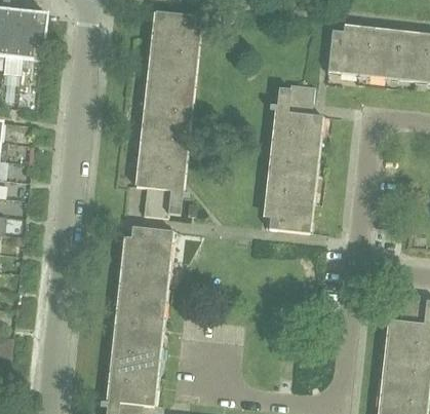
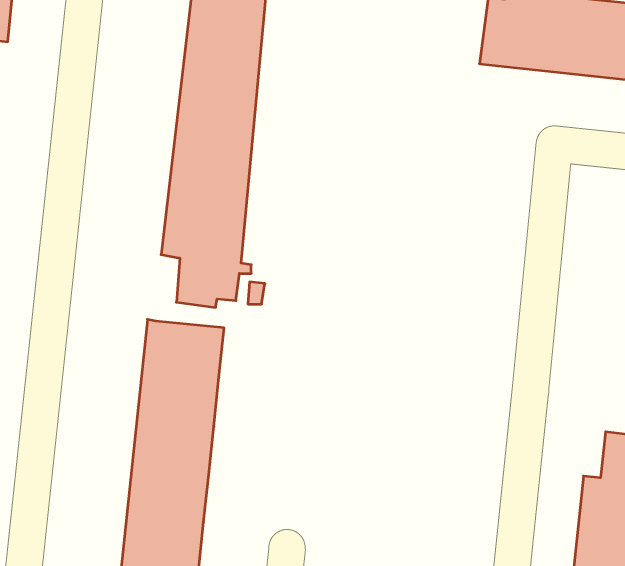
building: [265,83,321,232] -> none

